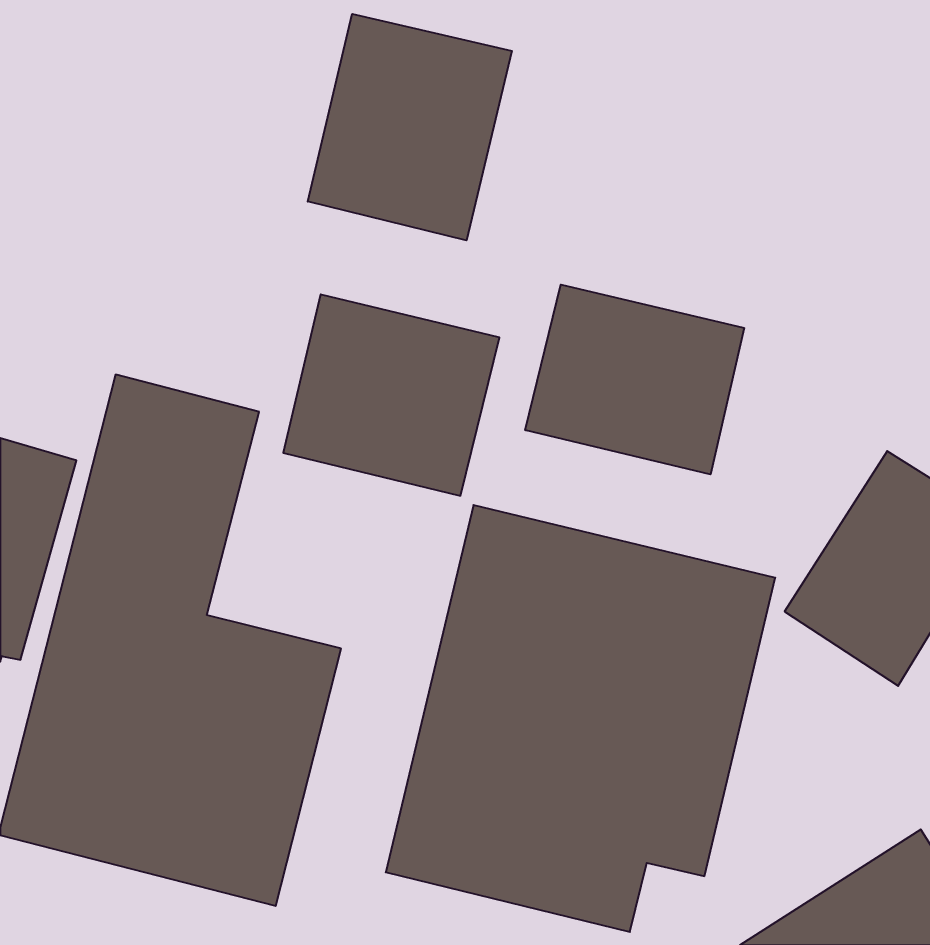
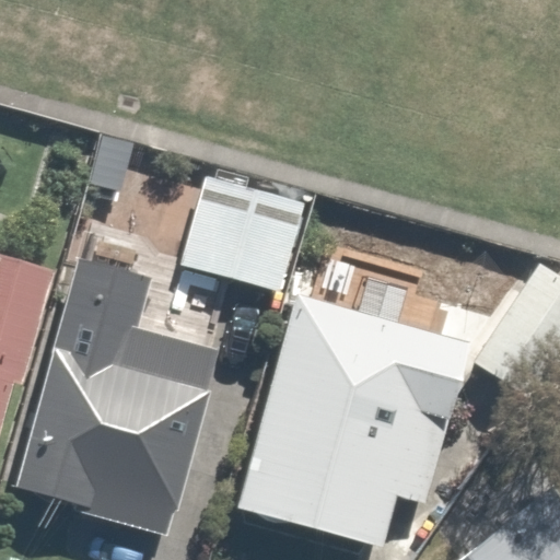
building: [308,14,512,240] -> none
building: [525,285,744,474] -> none

